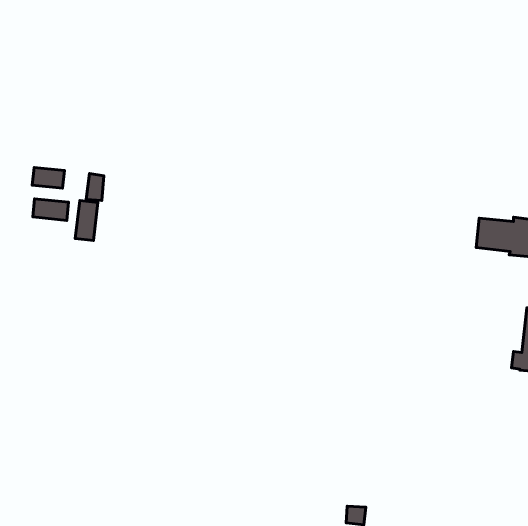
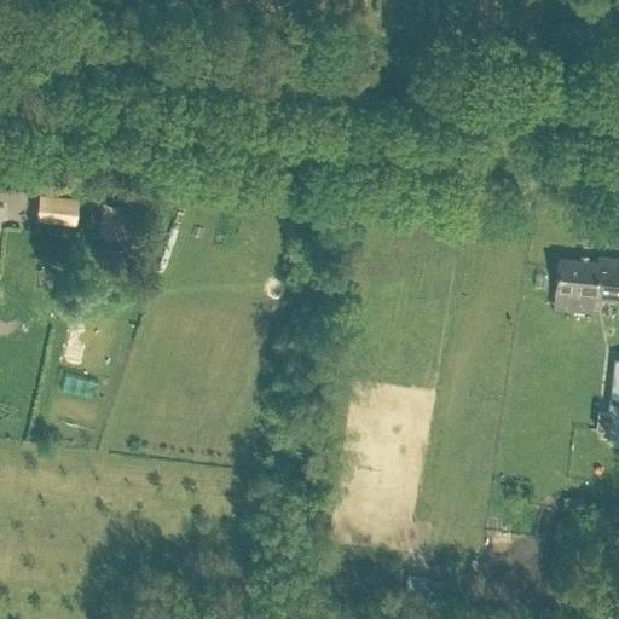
building: [33,199,68,220] -> none
building: [75,201,98,240] -> none

